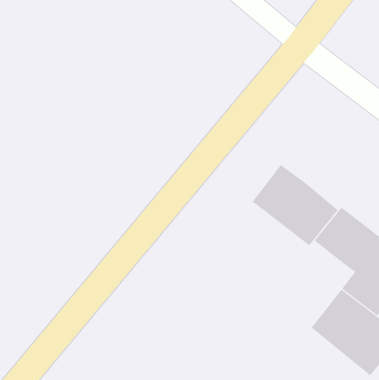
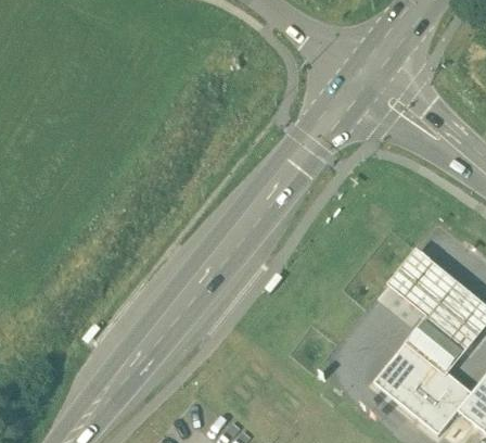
building: [252,164,338,246] -> none

